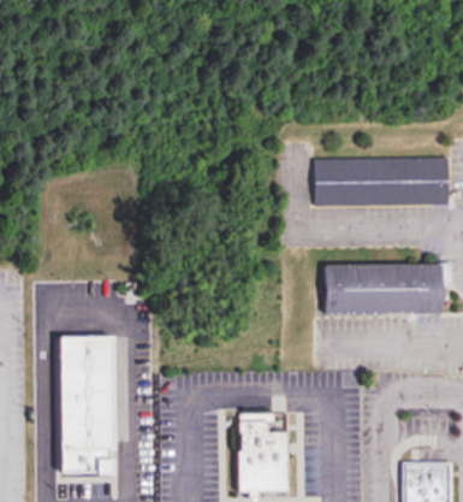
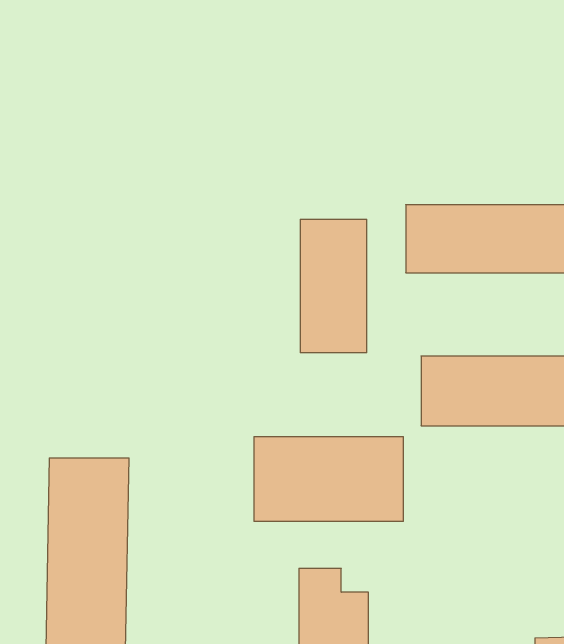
building: none -> [300,219,367,353]
building: none -> [254,437,403,521]

